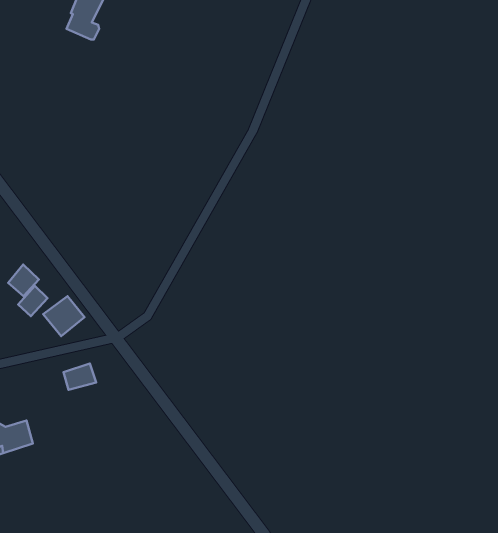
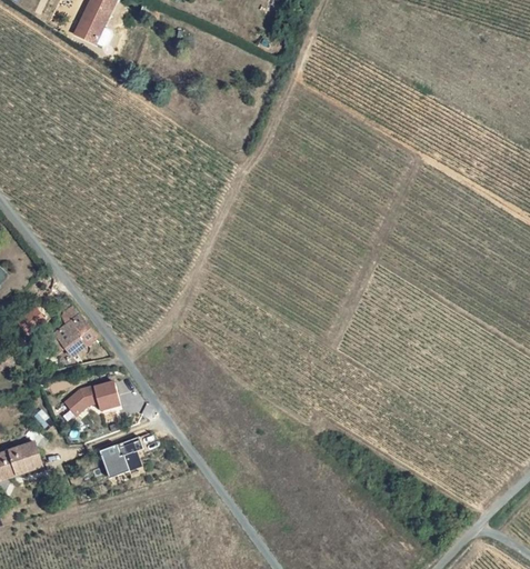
building: [8,265,39,296] -> none
building: none -> [98,378,128,410]
building: none -> [104,436,149,476]

